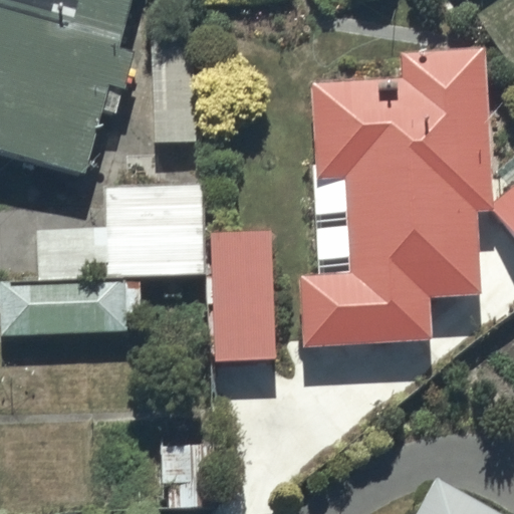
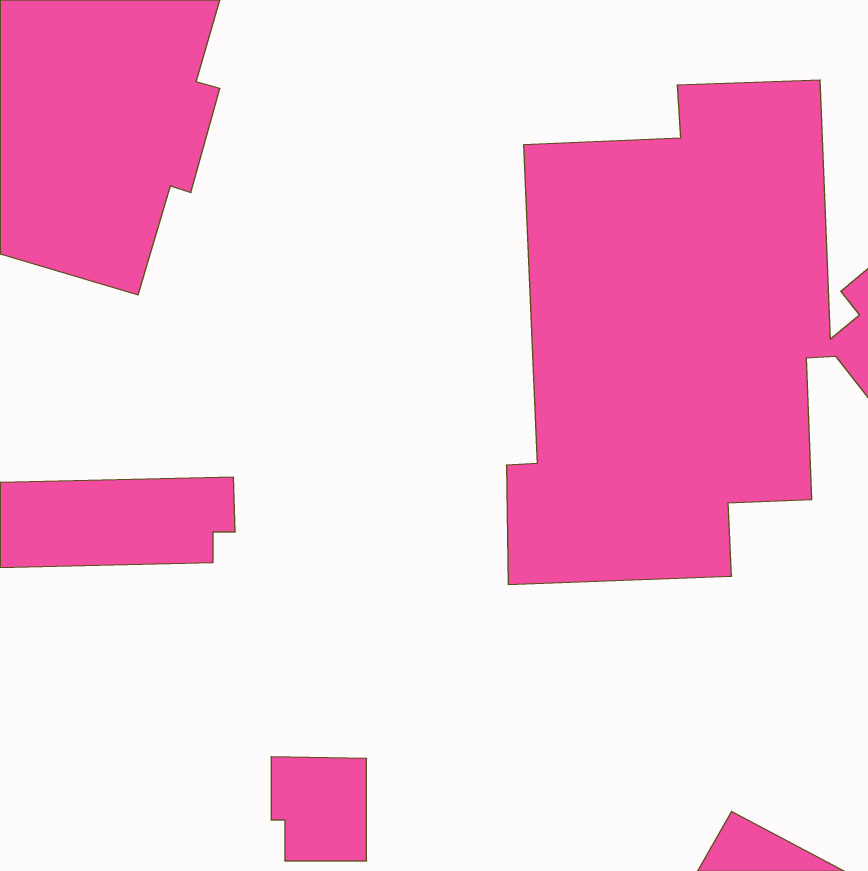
building: [104,185,204,276] -> none
building: [210,231,274,359] -> none

